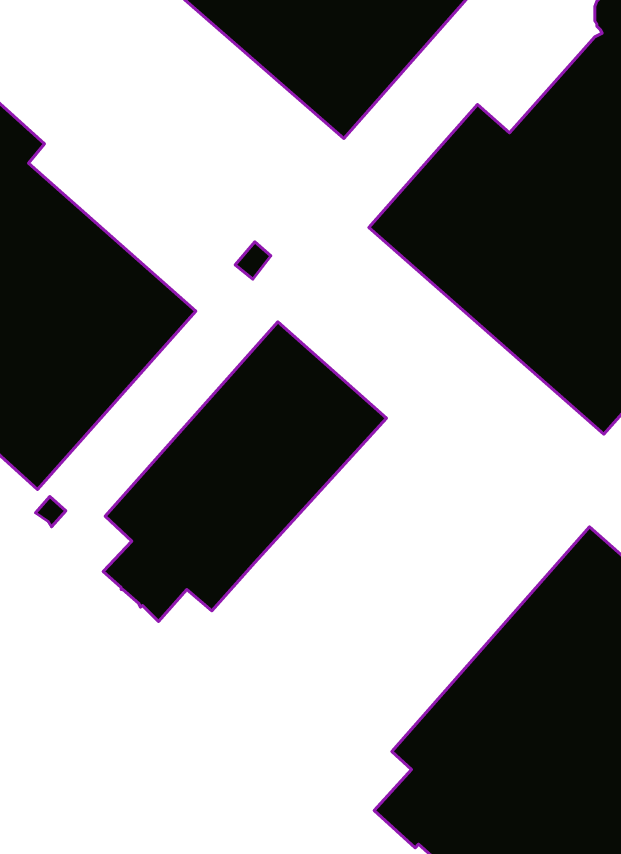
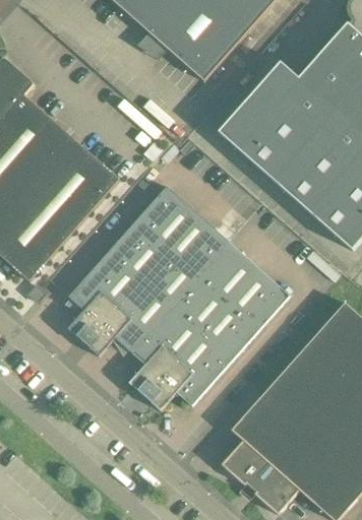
building: none -> [128,240,289,409]

